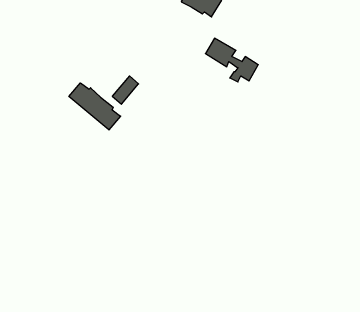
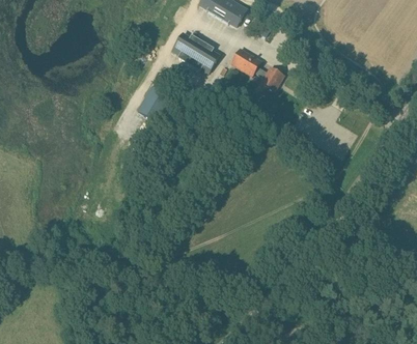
building: none -> [172,33,219,73]
building: [69,83,121,130] -> none

